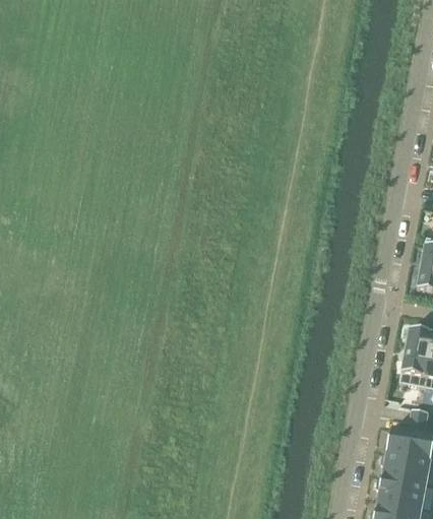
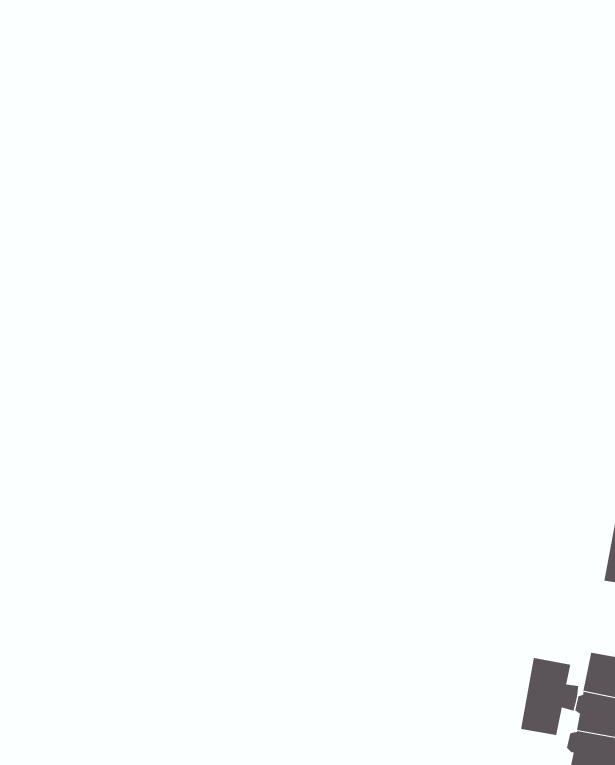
building: none -> [520,657,579,736]

